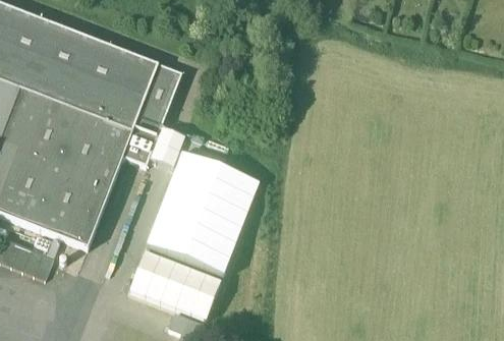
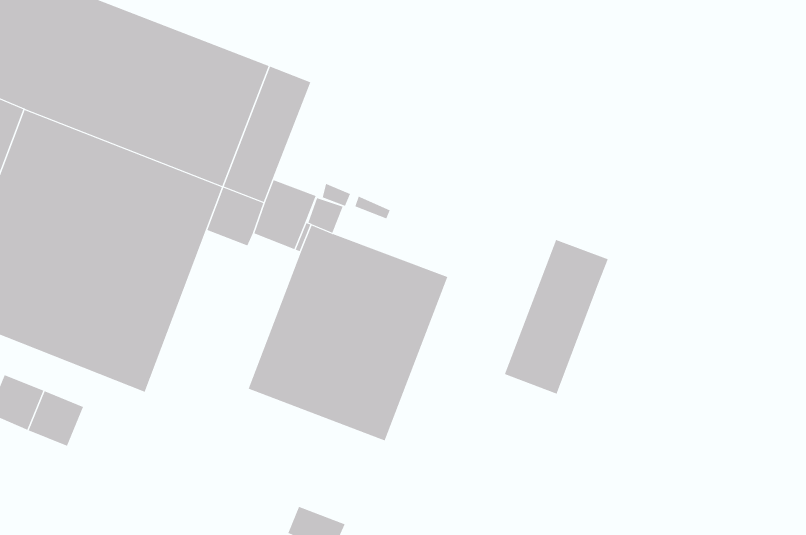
building: none -> [504,239,608,395]
building: [129,246,221,315] -> none

